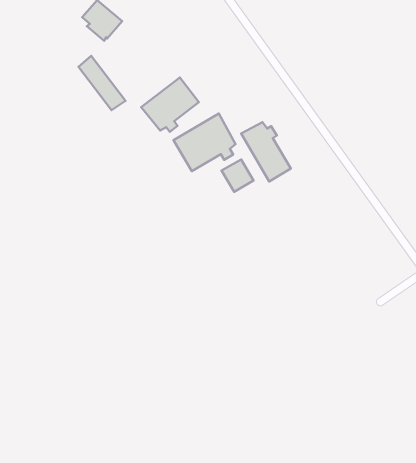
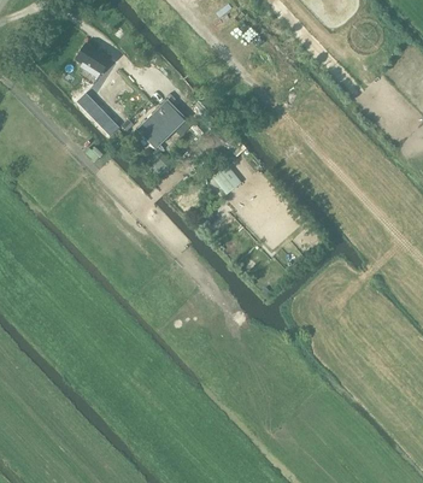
building: [174,113,236,171] -> none
building: [241,122,291,181] -> none

